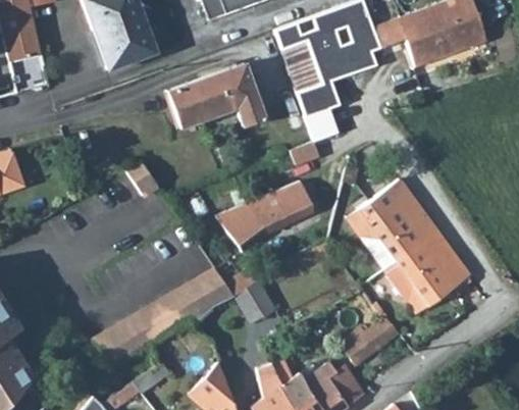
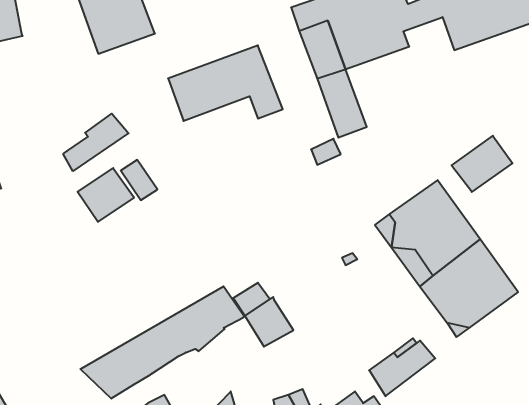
building: none -> [63,114,129,171]
building: none -> [452,136,512,192]
building: none -> [78,168,134,222]
building: [215,182,313,253] -> none

